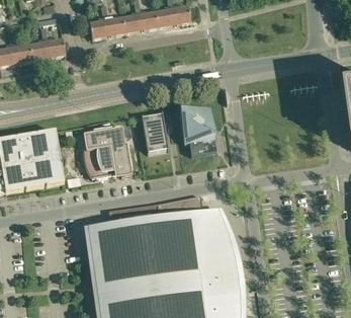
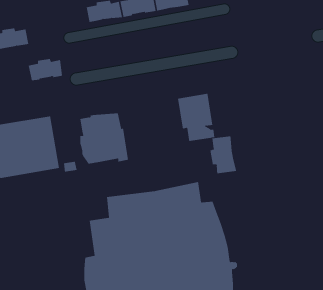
building: [29,36,64,59] -> [28,58,63,81]
building: [140,111,167,152] -> none
building: none -> [210,136,237,174]

